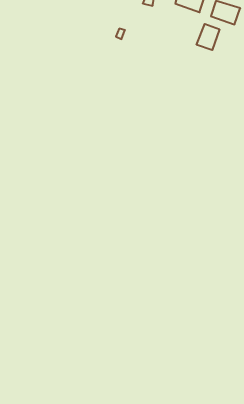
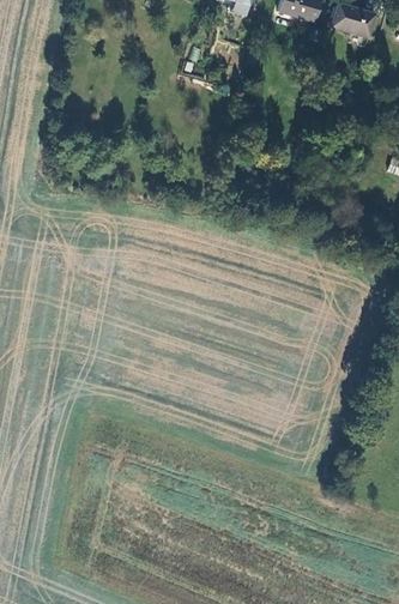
building: [197,24,219,50] -> none

